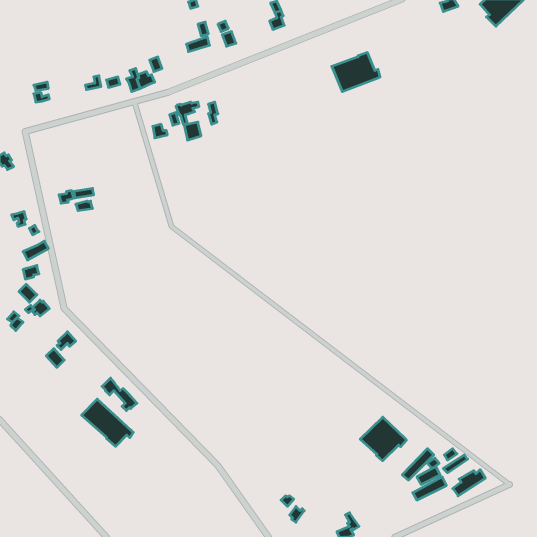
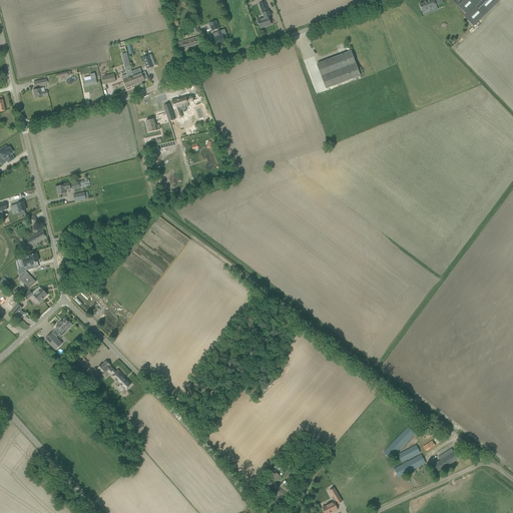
building: [82,399,133,446] -> none
building: [360,417,406,461] -> none

